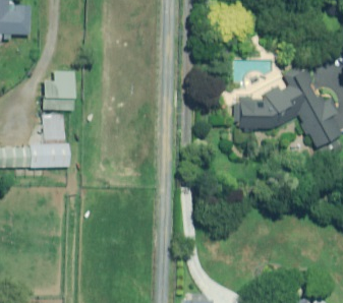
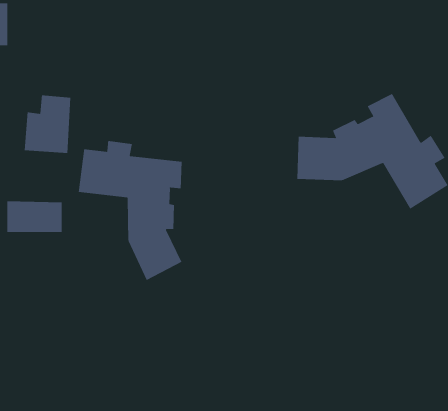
building: none -> [78,140,182,281]
building: [43,114,64,139] -> none

